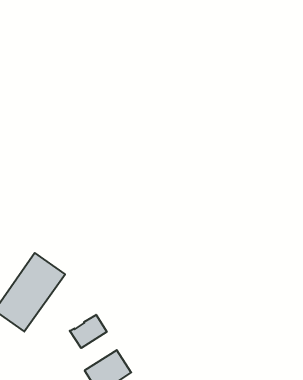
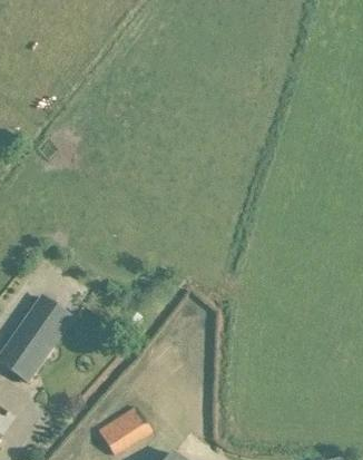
building: [70,315,107,348] -> none

